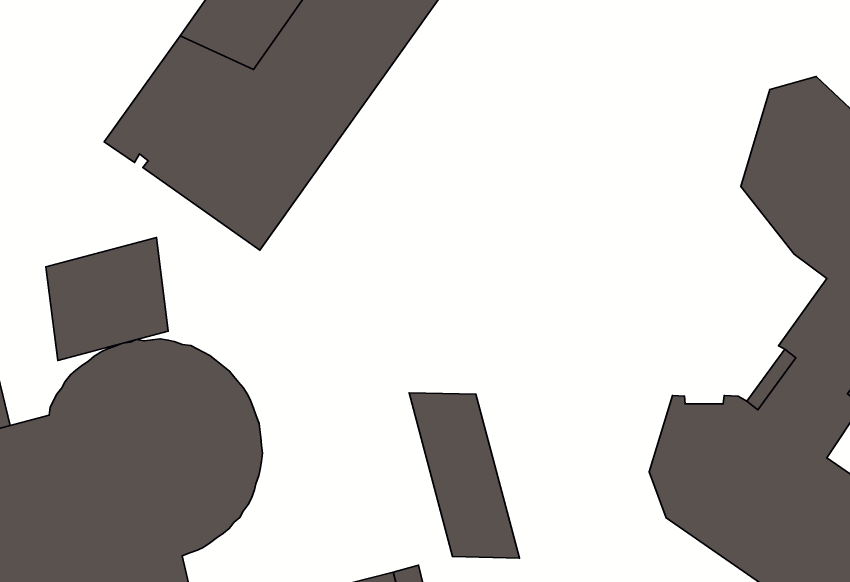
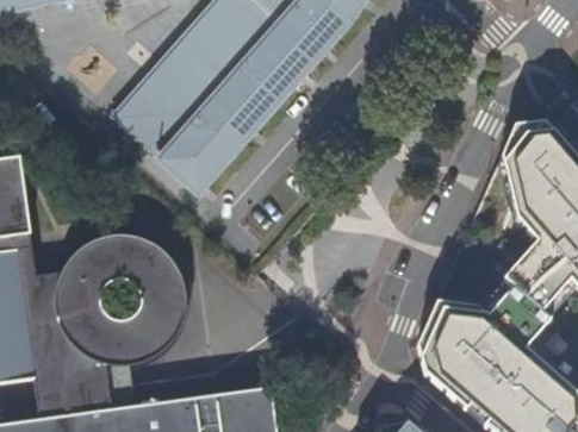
building: [46,238,168,360] -> none
building: [409,393,519,558] -> none

